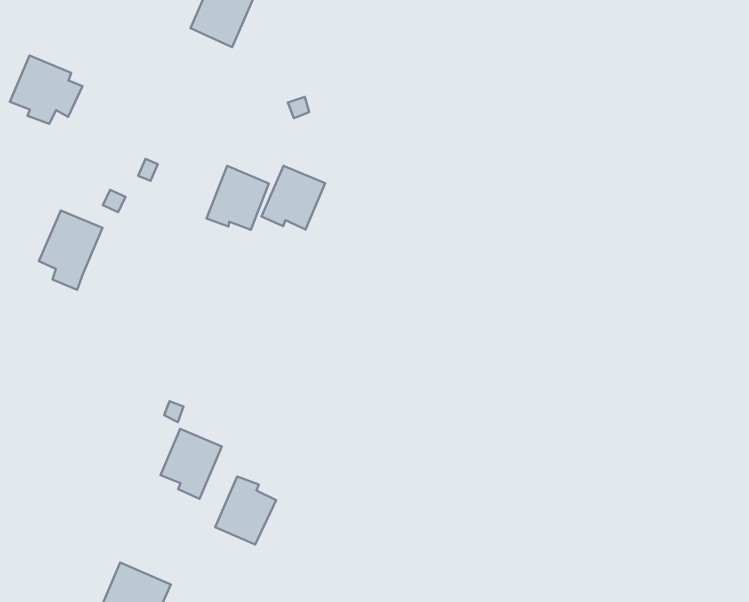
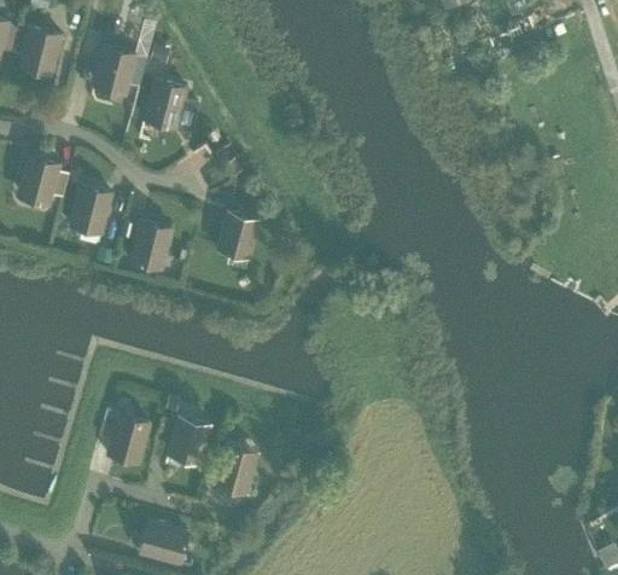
building: [207,166,269,230] -> [130,222,173,267]
building: [39,211,103,290] -> [69,187,112,244]
building: none -> [107,420,150,465]

